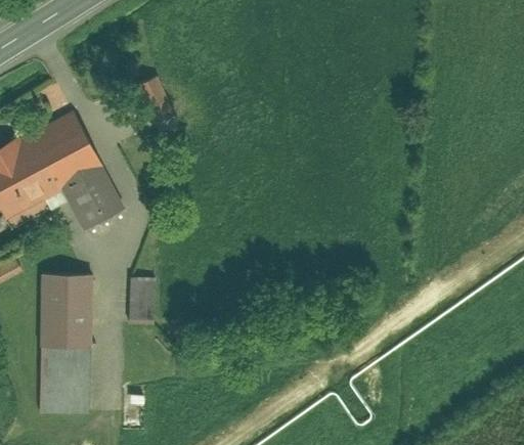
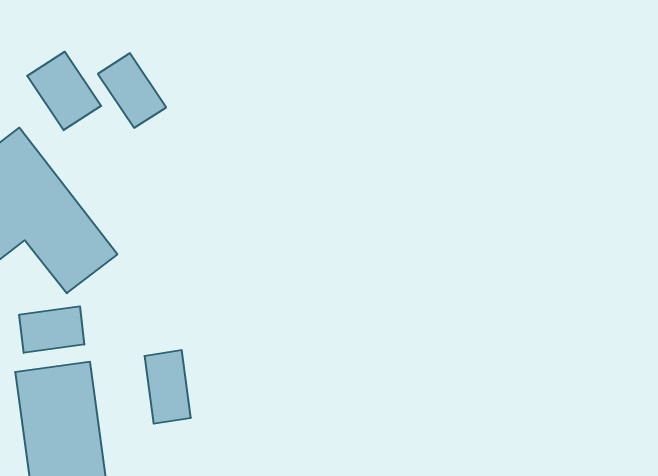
building: none -> [27,52,101,130]
building: none -> [19,306,84,353]

